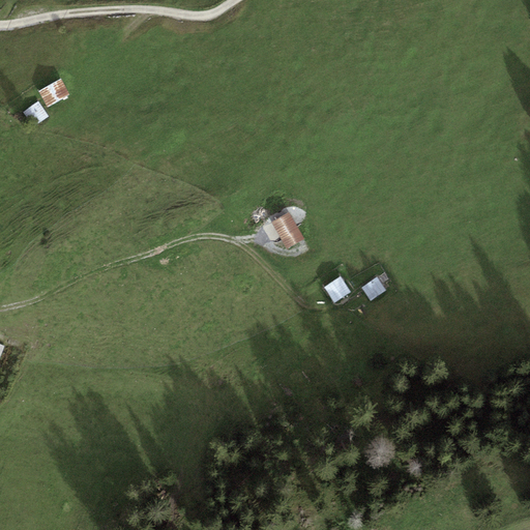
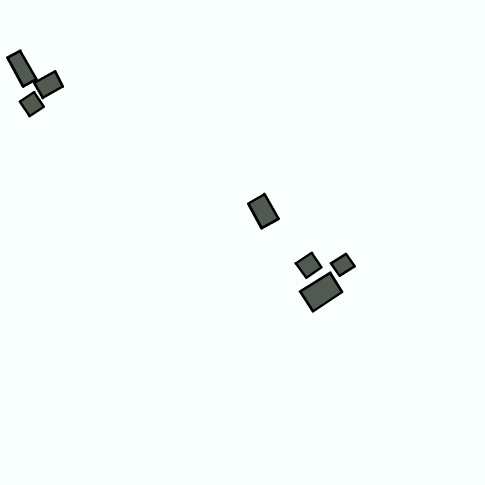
building: none -> [7,51,36,87]
building: none -> [300,273,342,311]

